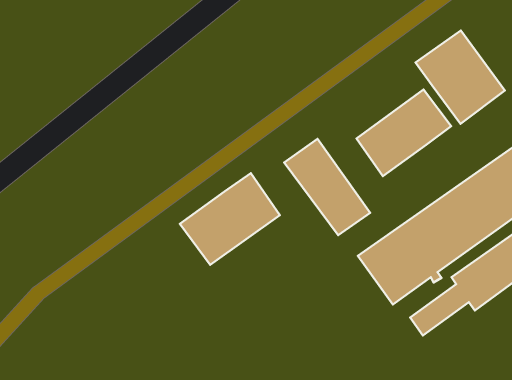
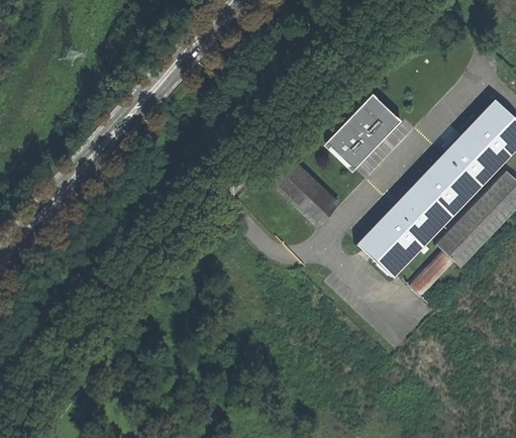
building: [416,30,505,124] -> none
building: [180,173,280,265] -> none

